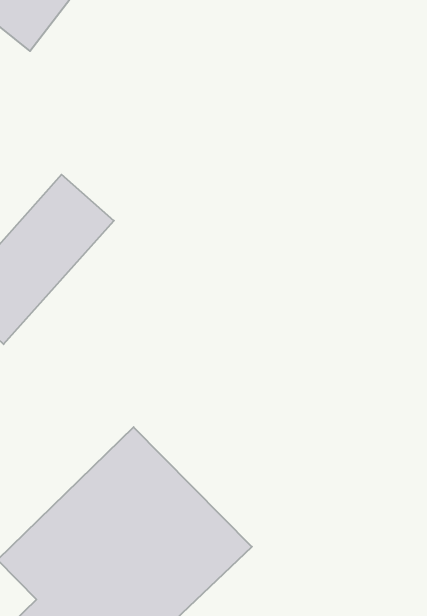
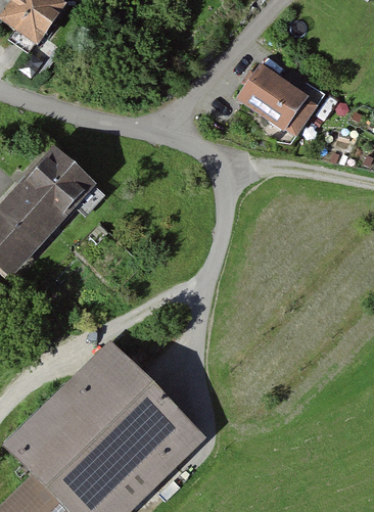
building: none -> [239,64,317,135]

